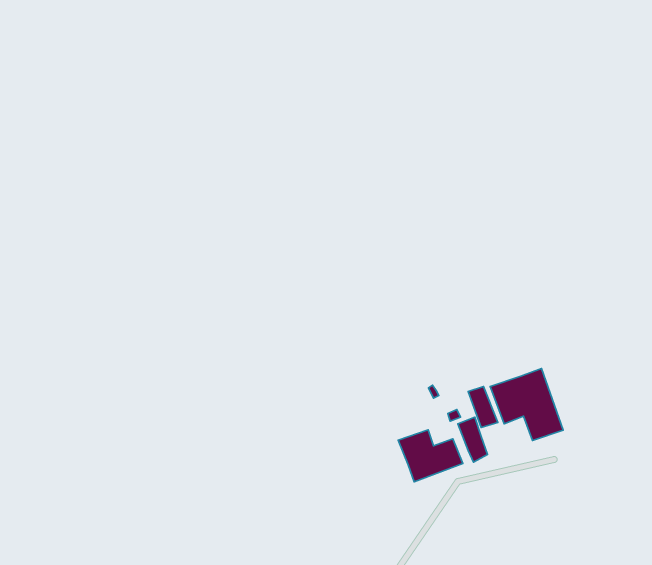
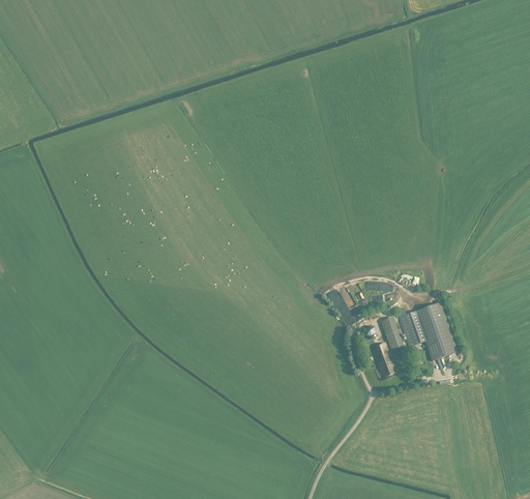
building: [398,430,463,482] -> none

